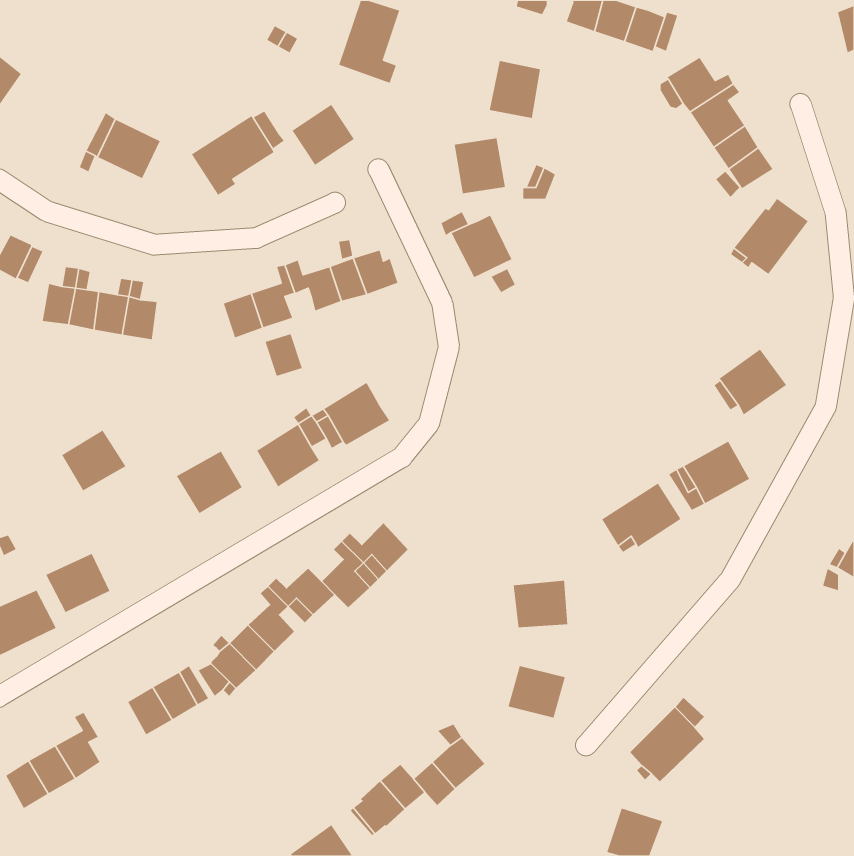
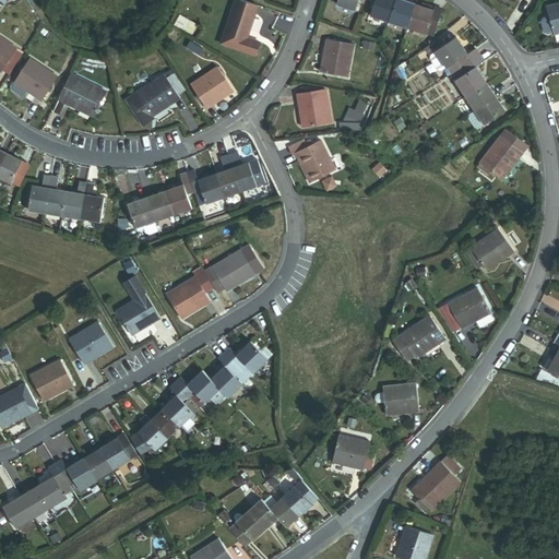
building: none -> [13,59,56,99]
building: [264,333,303,377] -> [128,198,153,226]
building: [61,430,126,492] -> [69,322,111,362]
building: [513,580,568,628] -> [381,382,417,414]
building: none -> [55,457,95,489]

